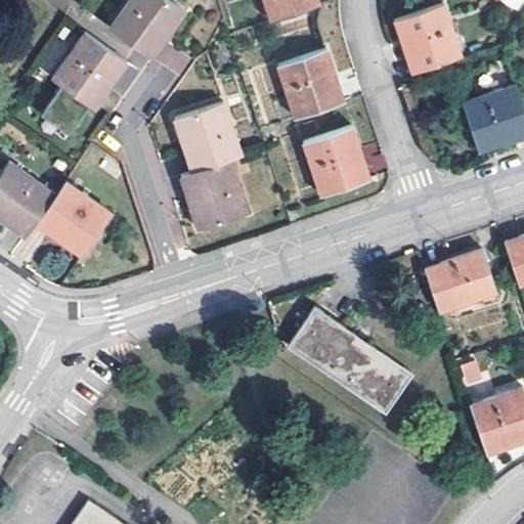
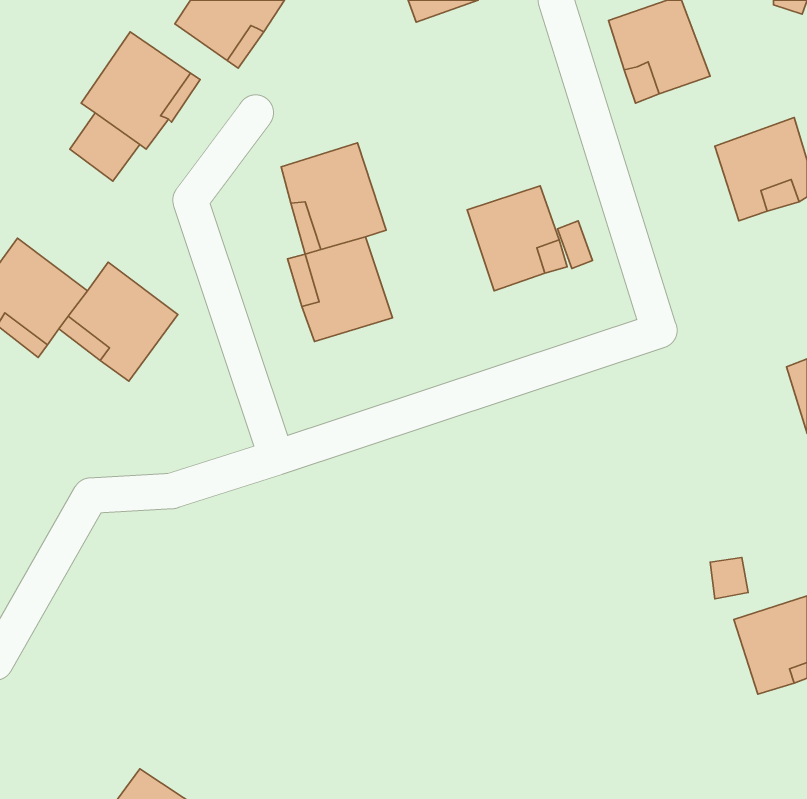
building: [275,50,335,119] -> none
building: [427,253,498,314] -> none
building: [289,310,414,417] -> none

